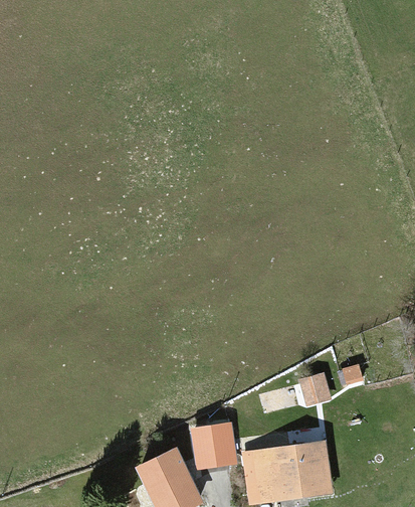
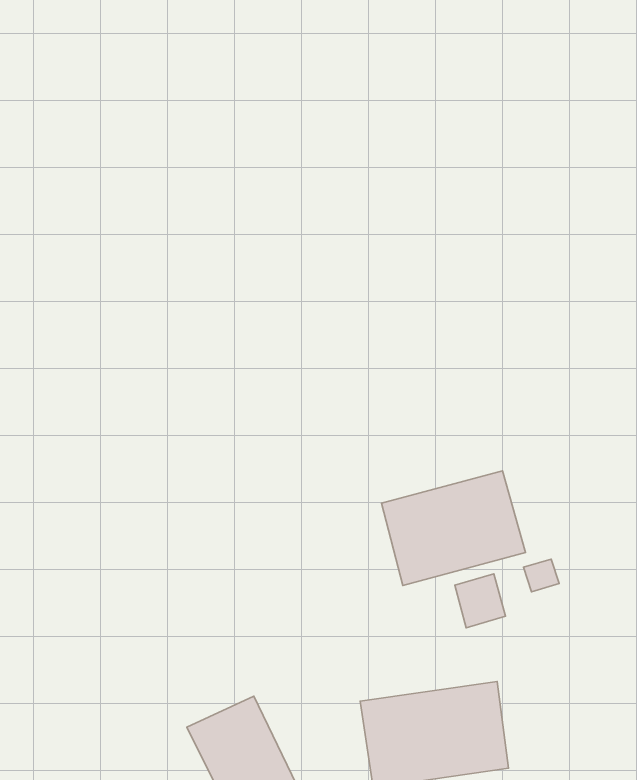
building: none -> [382,471,525,585]
building: [190,422,237,470] -> none

